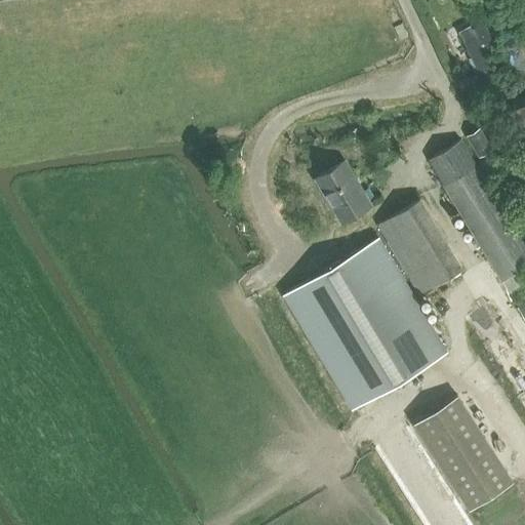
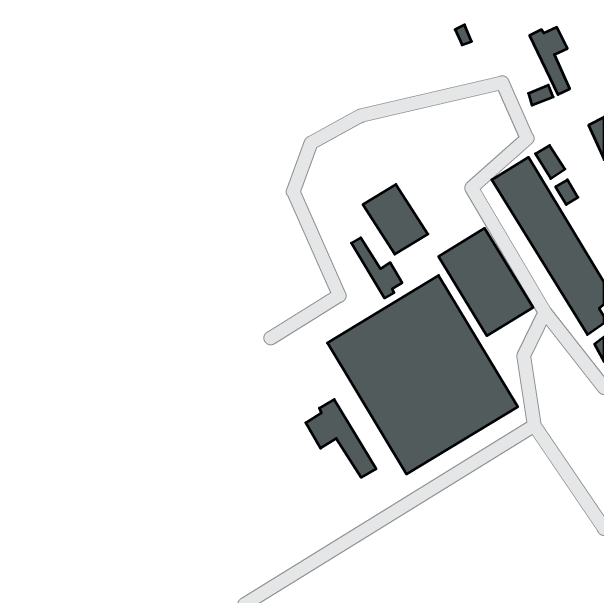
building: none -> [351,238,402,298]
building: none -> [306,399,376,477]
building: [413,398,513,513] -> none

